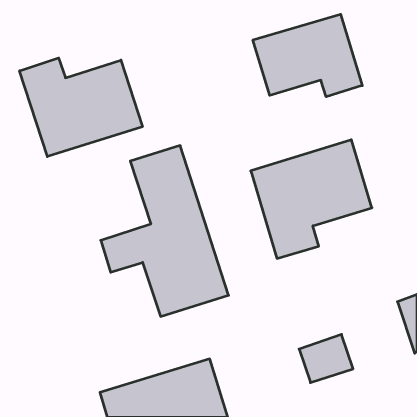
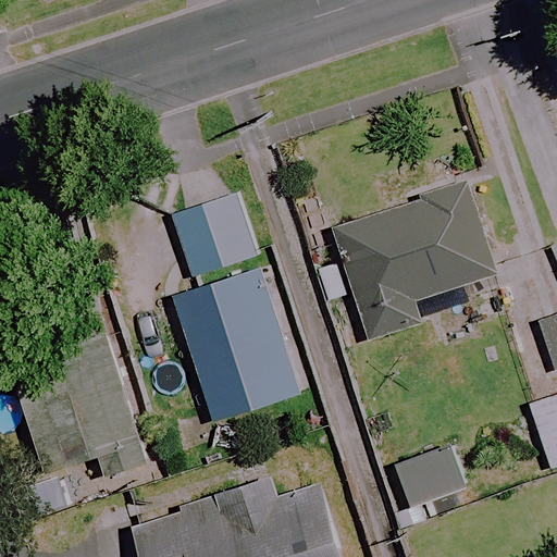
building: [253,14,362,97] -> none
building: [20,58,142,157] -> none

